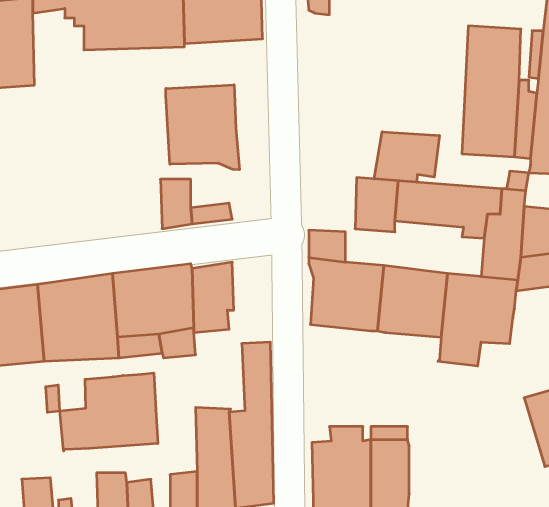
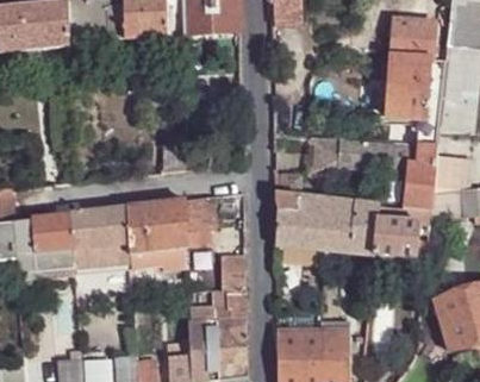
building: [166,85,239,170] -> none
building: [374,132,439,182] -> none
building: [60,373,158,451] -> none

